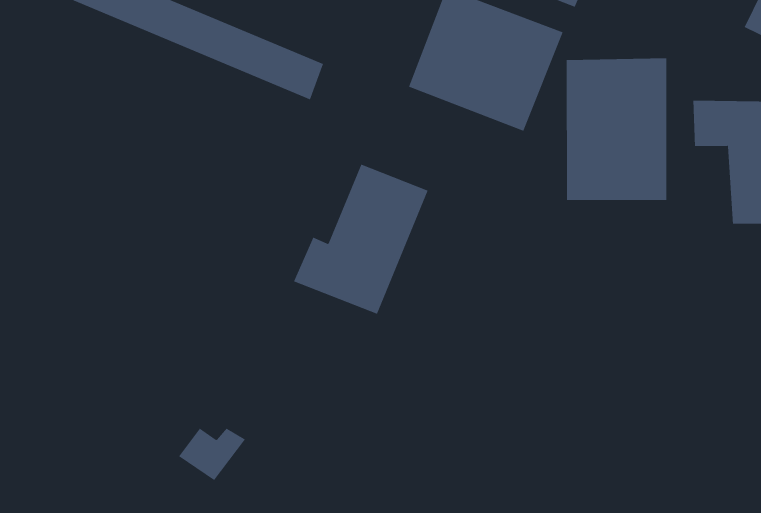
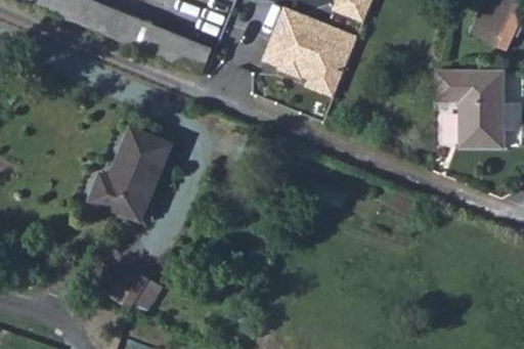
building: [566,58,667,201] -> none
building: [293,164,429,315] -> [86,126,170,219]

